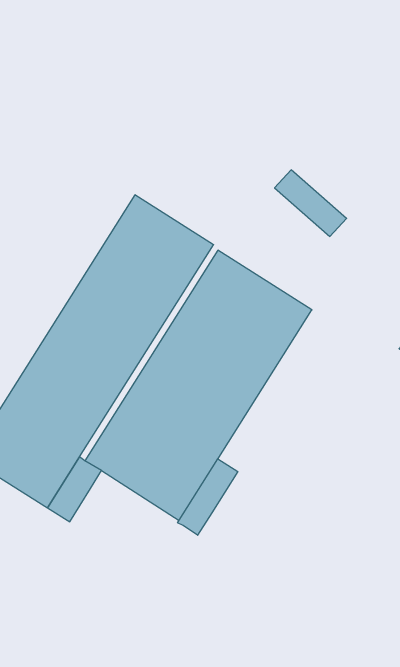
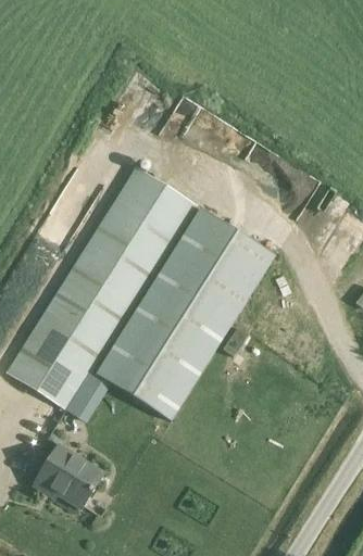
building: [178,459,238,535] -> none
building: none -> [36,442,104,509]

